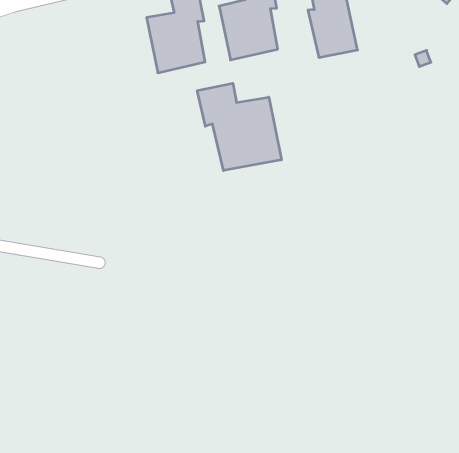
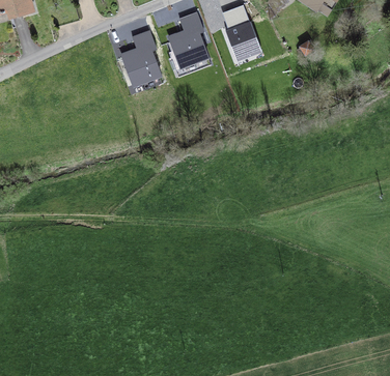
building: [197,83,281,171] -> none

